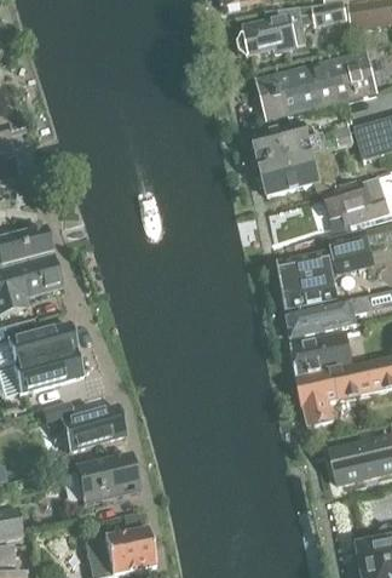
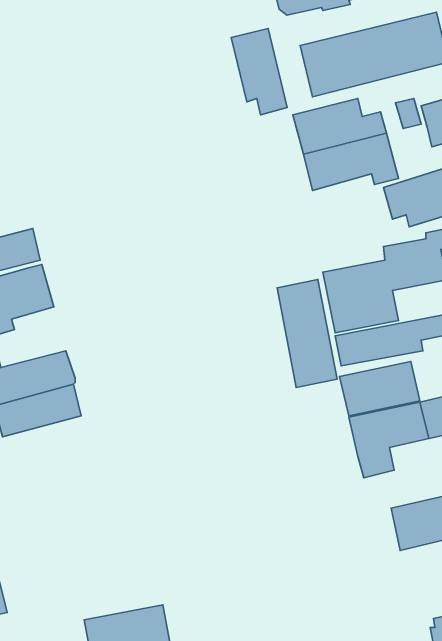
building: none -> [231,29,287,115]
building: none -> [277,280,337,387]
building: [41,402,126,451] -> none
building: [74,452,140,504] -> none

